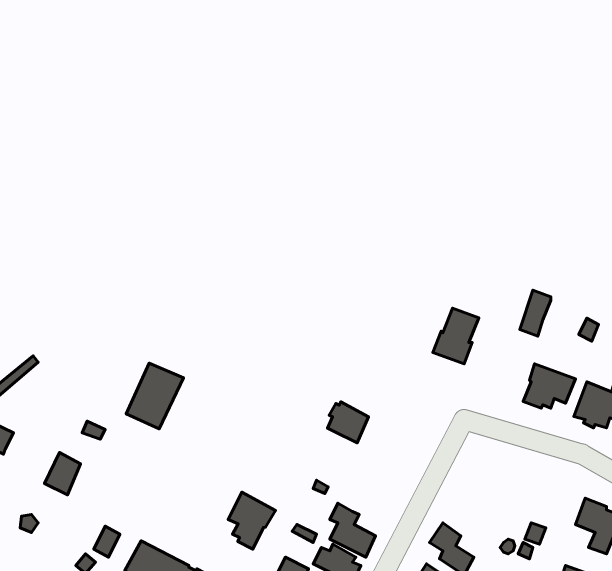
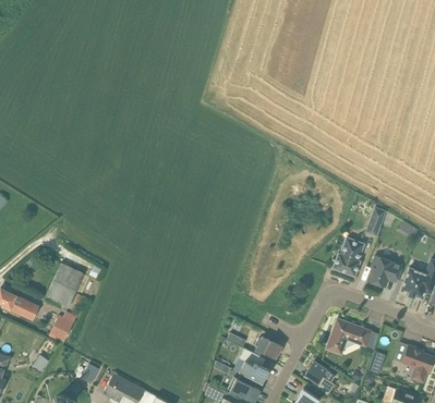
building: [433,308,479,364] -> [334,239,364,276]
building: [126,363,184,429] -> [46,264,84,307]
building: [328,402,369,443] -> [254,337,281,364]
building: none -> [326,322,371,355]
building: [228,492,276,549] -> none

